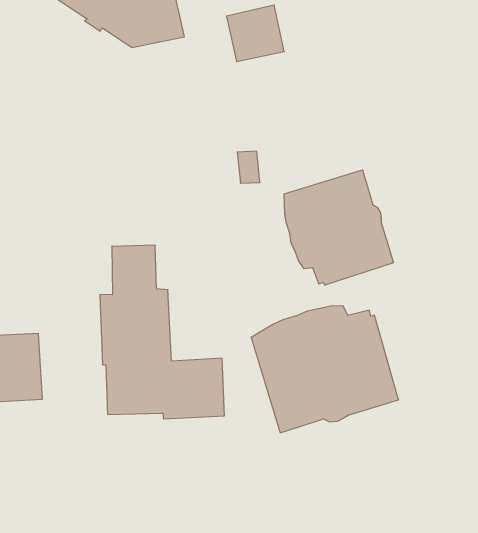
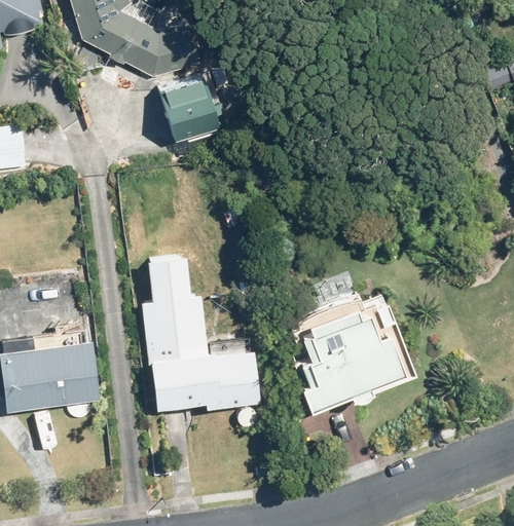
building: [226,5,284,62] -> [162,77,217,130]
building: [284,170,394,285] -> none

